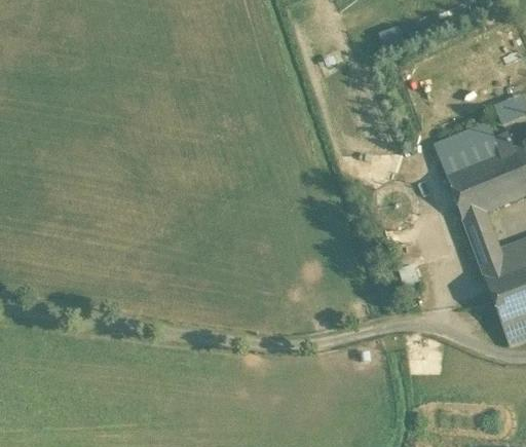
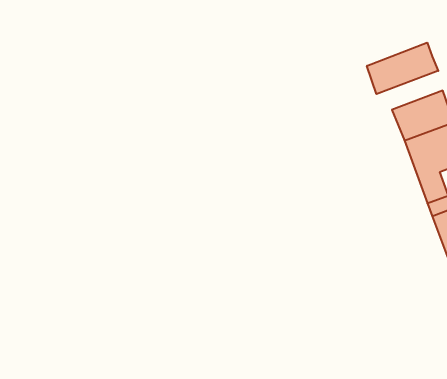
building: none -> [367,43,438,94]

